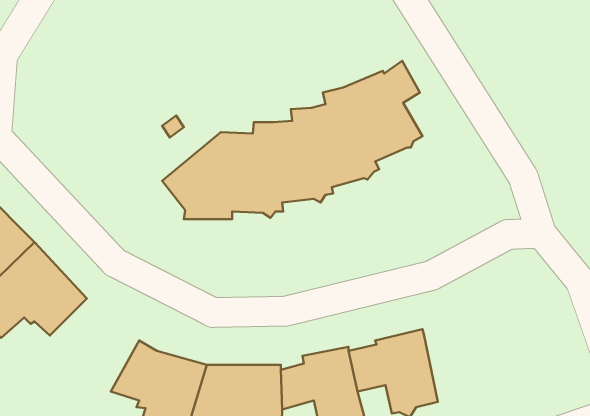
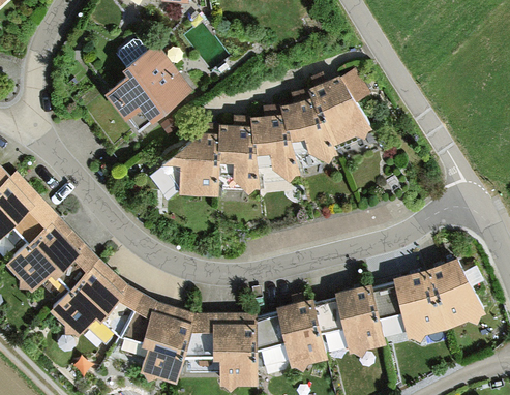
building: none -> [106,35,190,127]
building: none -> [49,262,142,338]
building: none -> [372,262,484,343]

